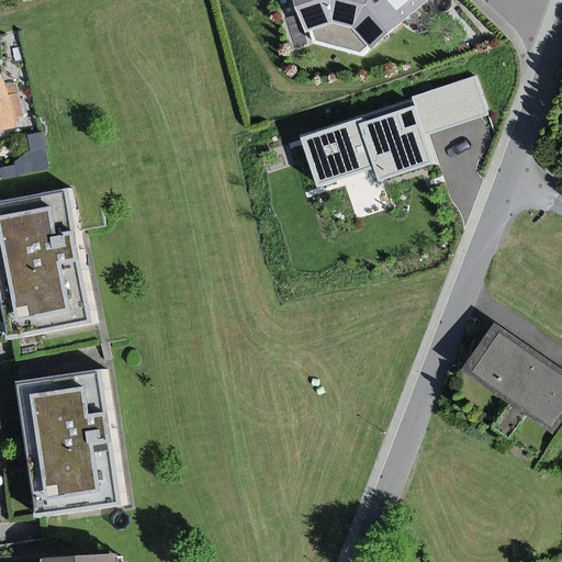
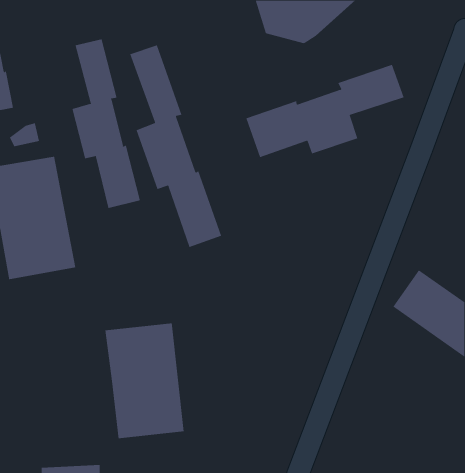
building: none -> [72,39,140,209]
building: none -> [129,45,222,248]
building: [23,372,117,509] -> [105,323,185,439]

